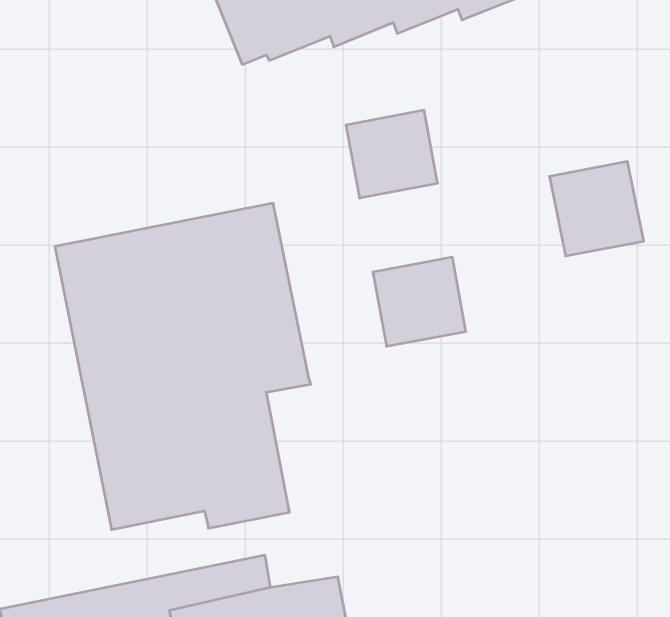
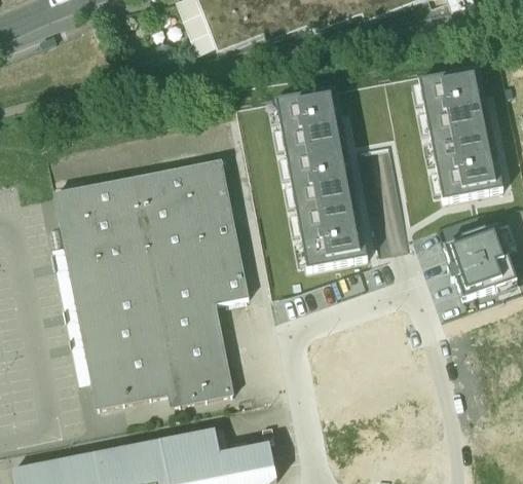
building: none -> [419,68,490,139]
building: none -> [286,144,357,212]
building: none -> [444,226,516,299]

